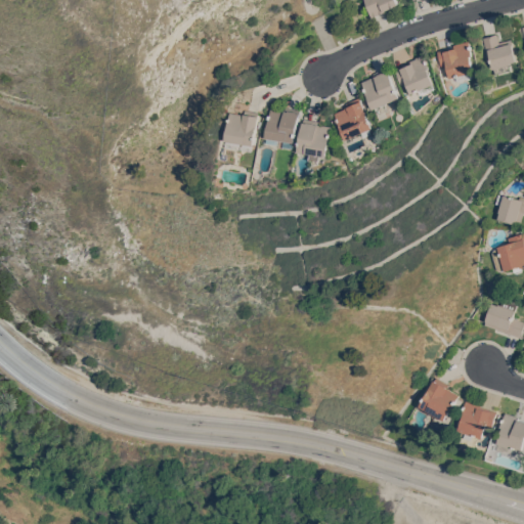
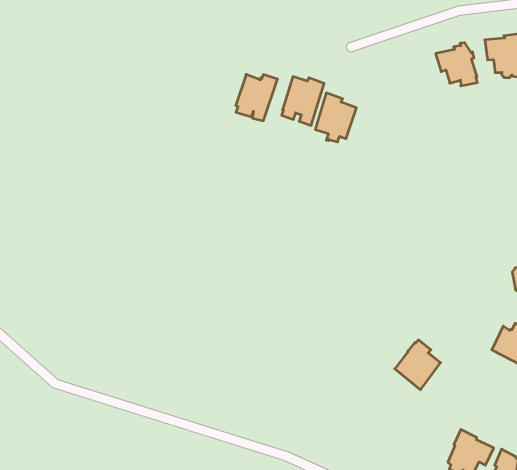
building: [360,68,399,110] -> none
building: [334,97,373,140] -> none
building: [418,378,457,422] -> [395,340,441,390]

